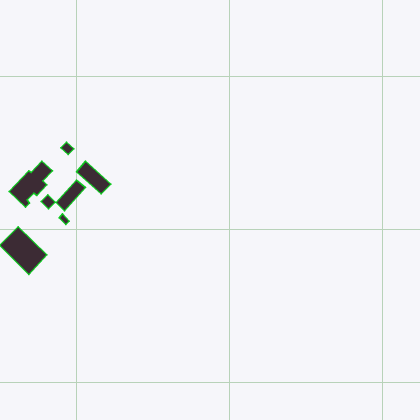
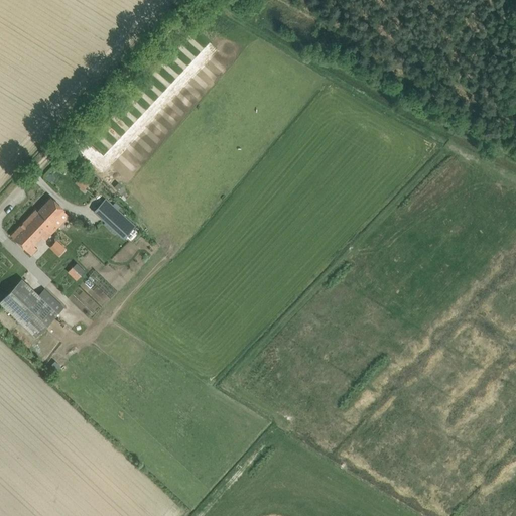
building: [56,180,85,211] -> none

